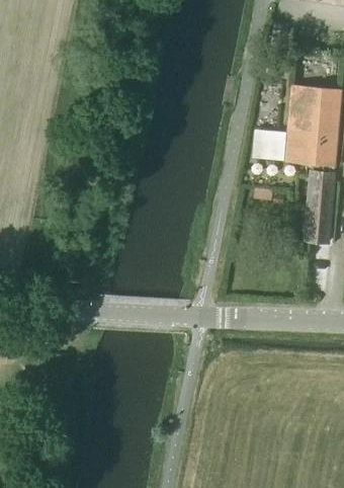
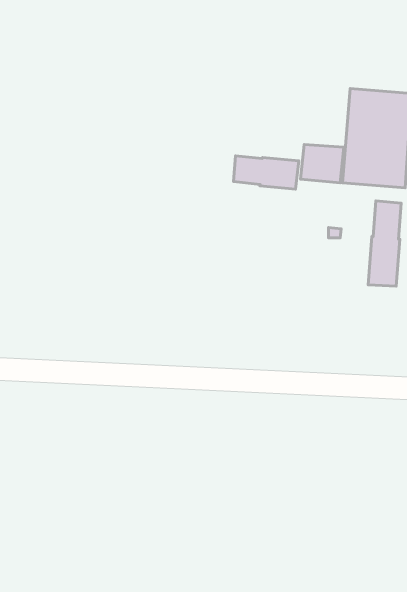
building: none -> [233,156,299,189]

